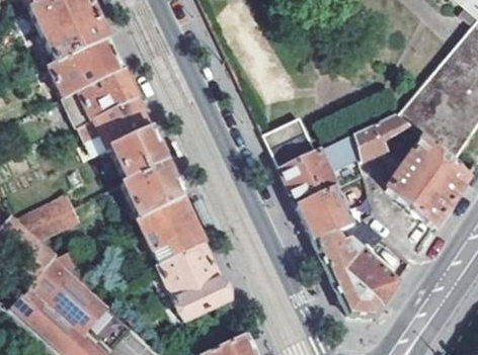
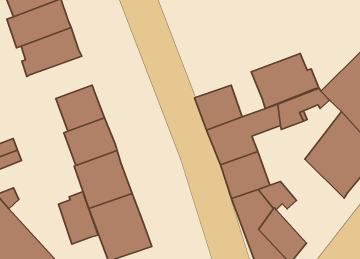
building: none -> [251,54,319,108]
building: [81,99,150,149] -> none
building: none -> [58,192,98,244]

